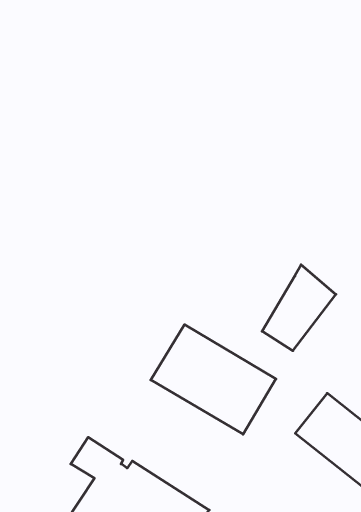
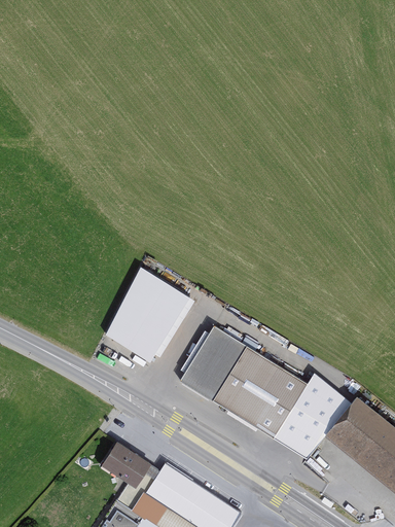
building: [262,265,336,351] -> [275,372,349,458]
building: none -> [102,270,189,363]

